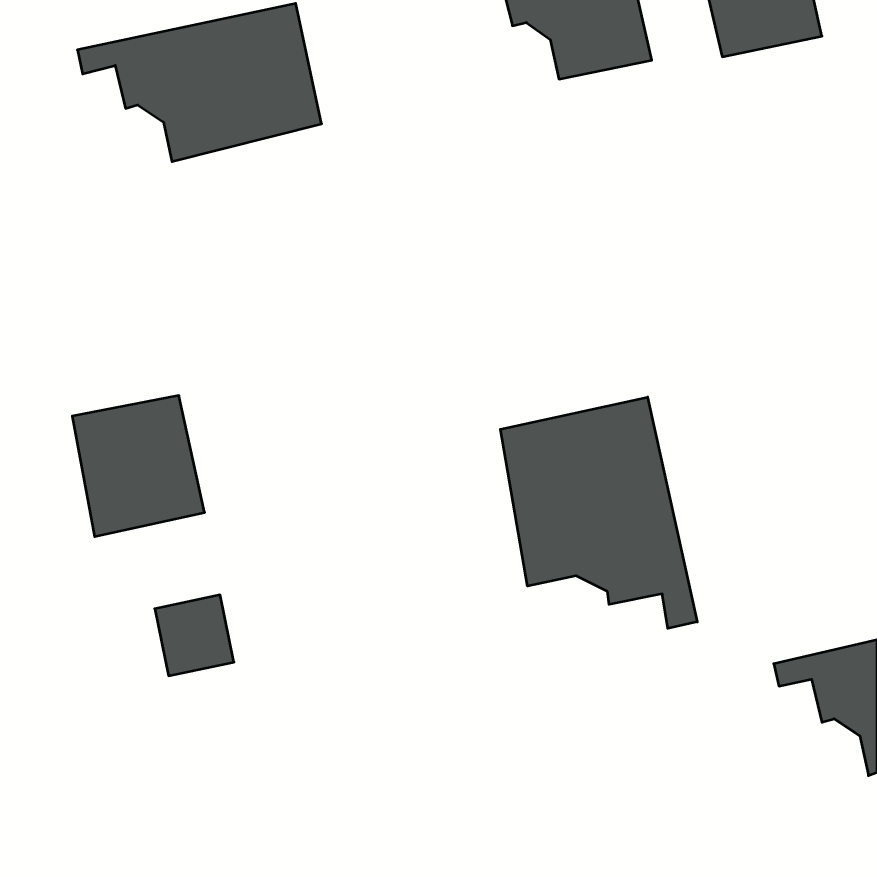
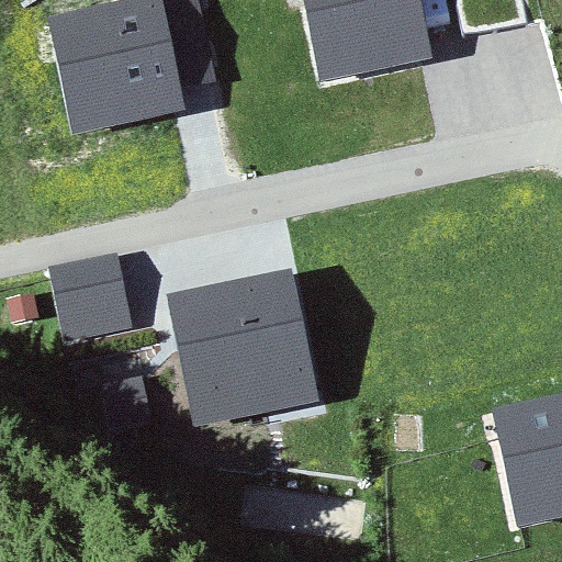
building: [500,397,697,628] -> none
building: none -> [169,291,306,409]

